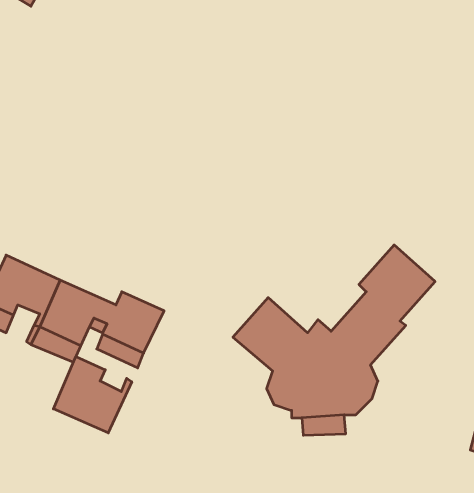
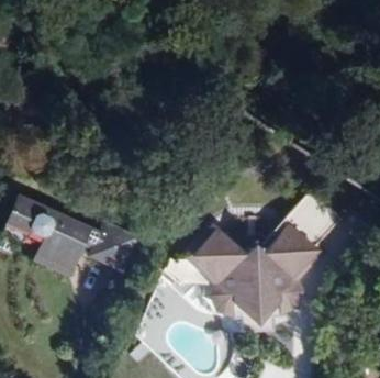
building: [53,357,132,433] -> none

